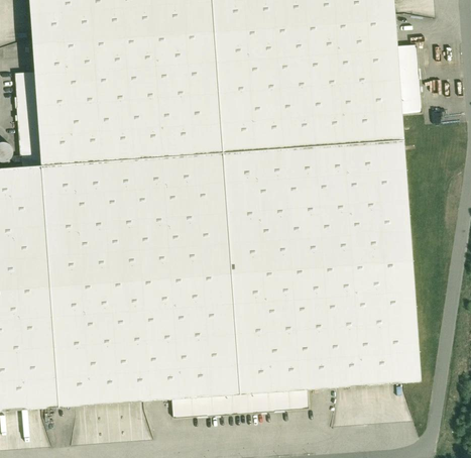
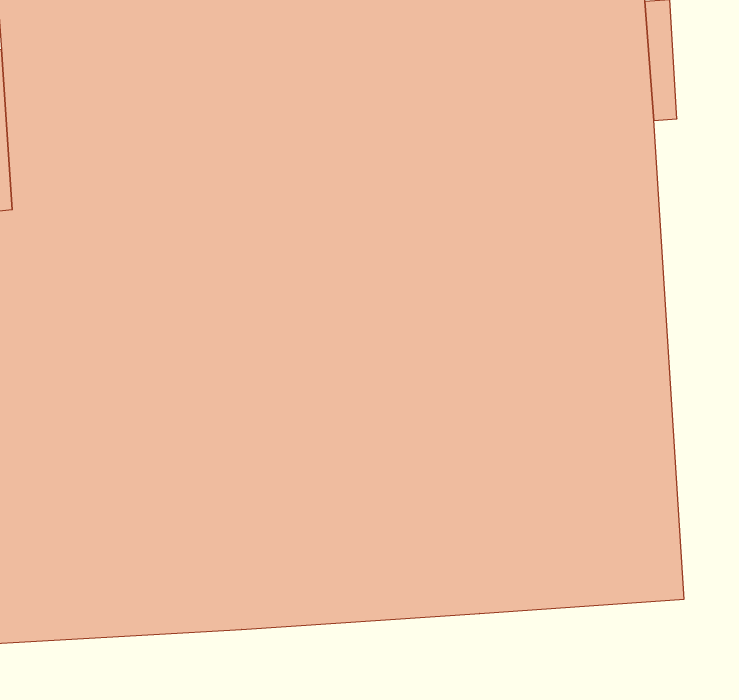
building: [169,391,306,418] -> none

